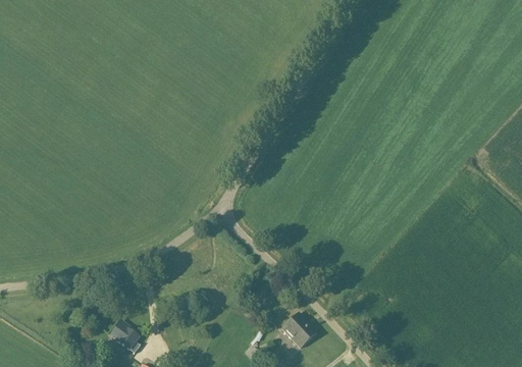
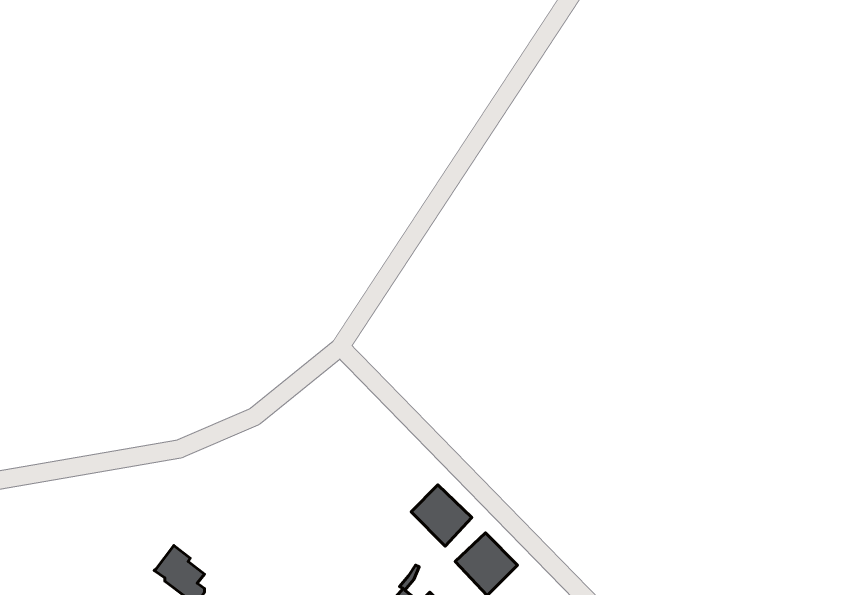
building: none -> [411,485,472,546]

